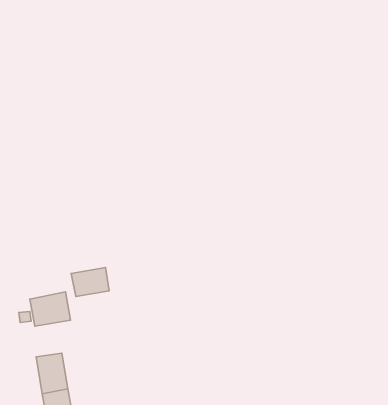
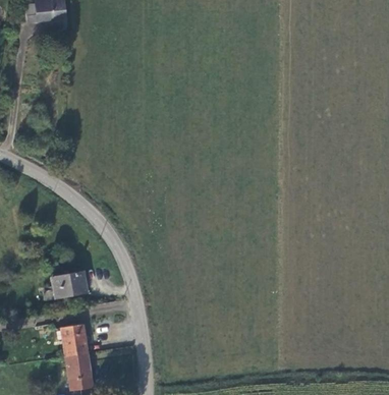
building: [71,267,109,296] -> none

